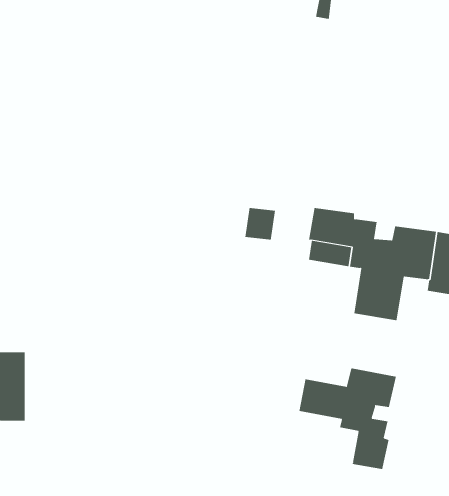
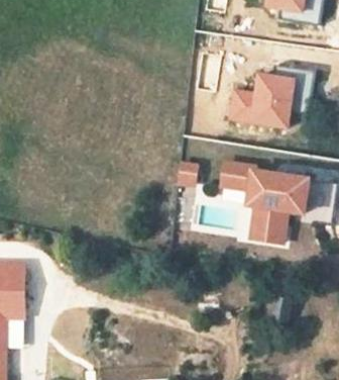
building: none -> [229,73,293,128]
building: [299,367,396,470] -> none

